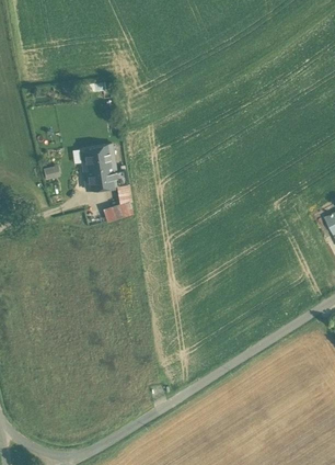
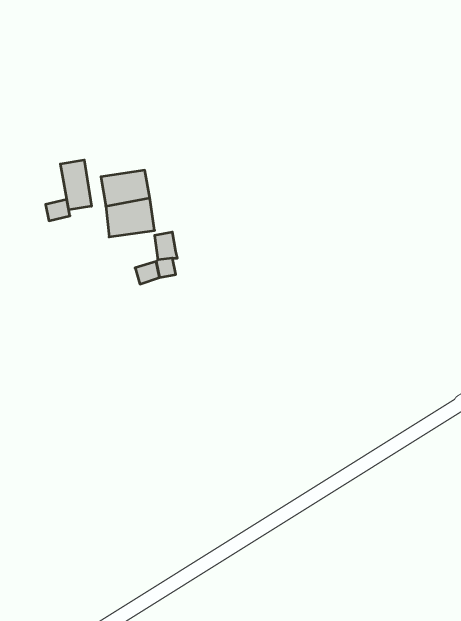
building: none -> [60,160,91,210]

